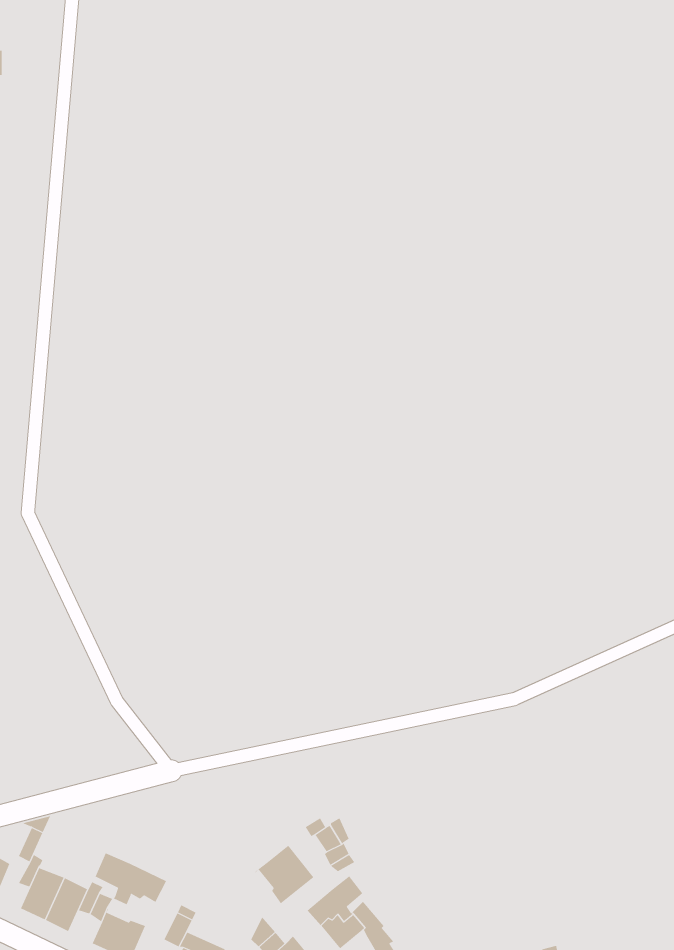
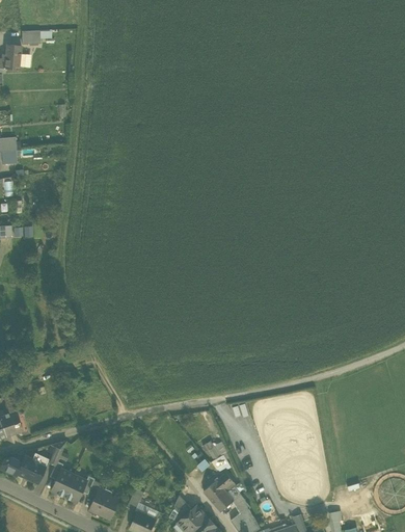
building: [254,845,314,904] -> none
building: [95,852,167,905] -> none

